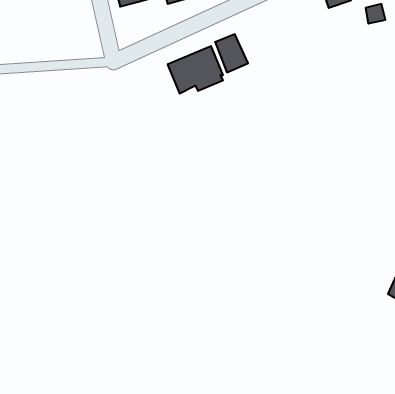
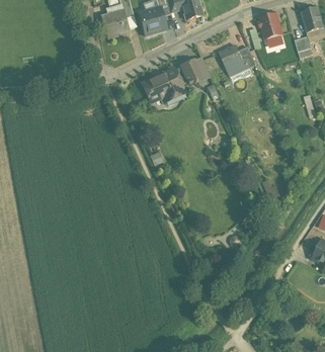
building: none -> [217,43,253,76]

